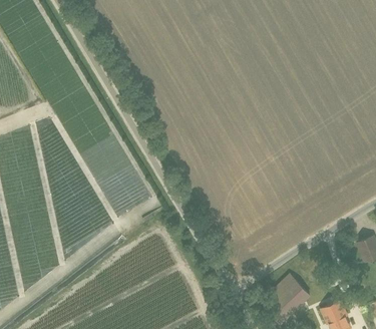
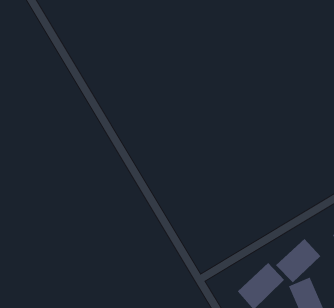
building: none -> [275,238,321,283]

